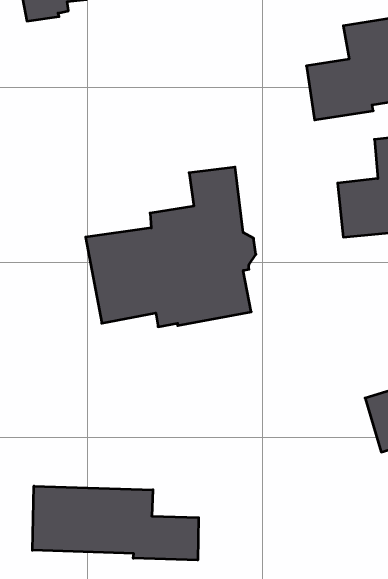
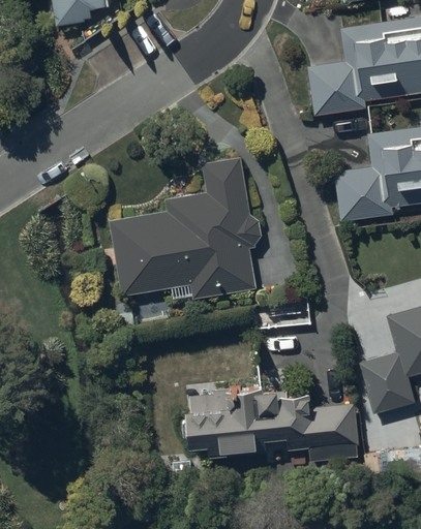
building: none -> [187,385,360,462]
building: [32,486,199,560] -> none

